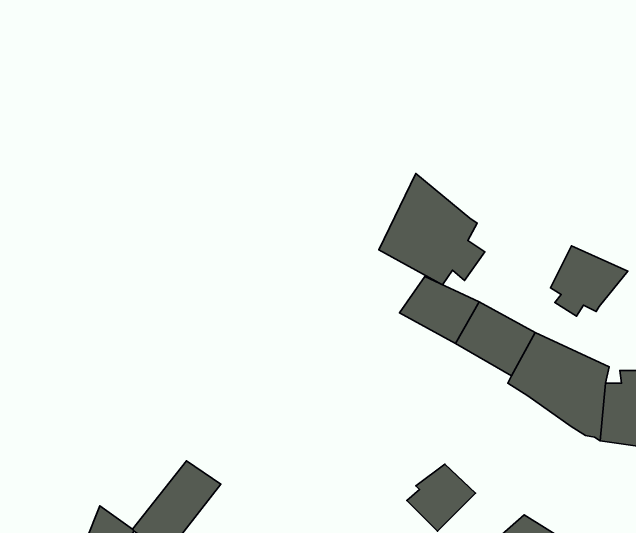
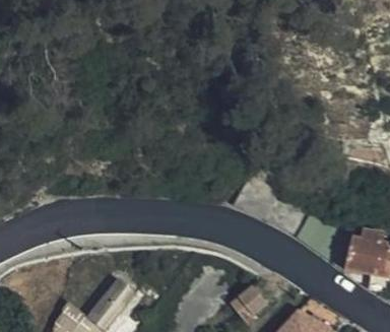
building: [379,173,485,285] -> none
building: [550,246,628,316] -> none

